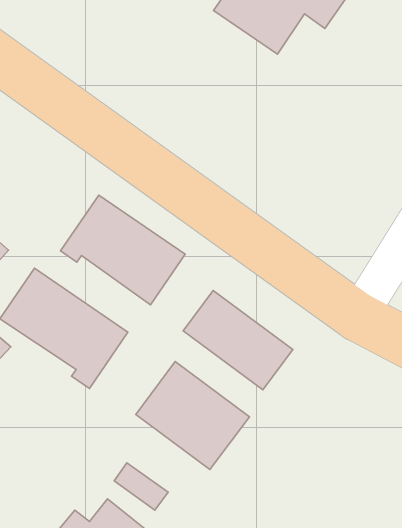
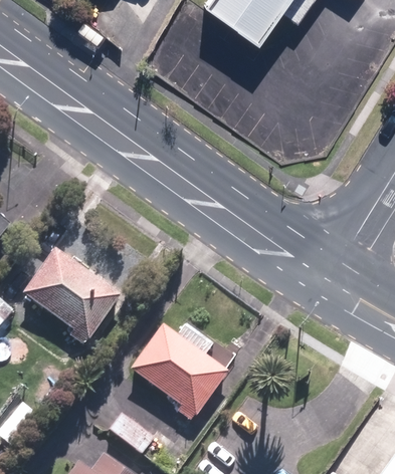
building: [60,195,185,305] -> none
building: [183,290,293,390] -> none

